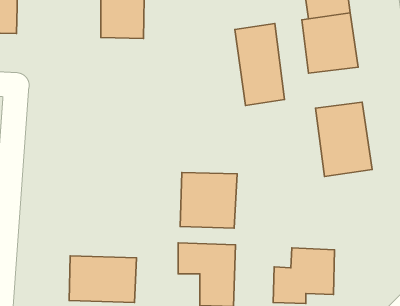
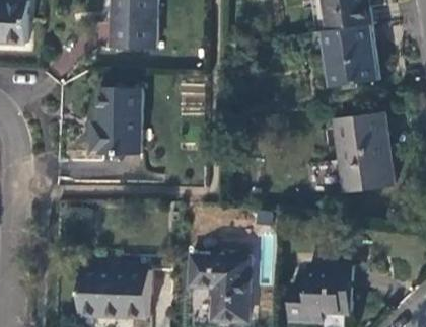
building: [235,24,285,106] -> none
building: none -> [93,90,143,154]
building: [180,172,237,228] -> none

